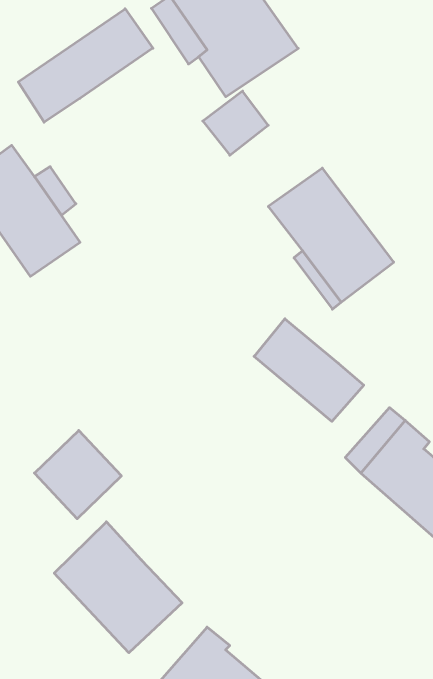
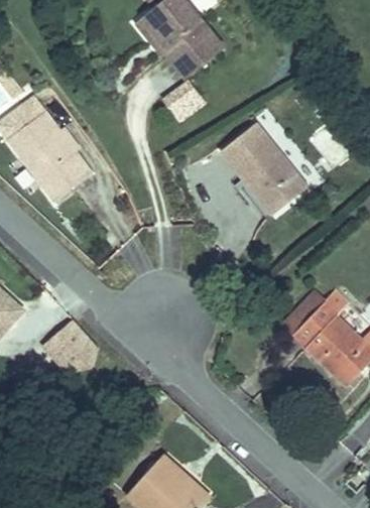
building: [18,9,153,122] -> none
building: [254,319,364,421] -> none
building: [54,522,182,653] -> none

